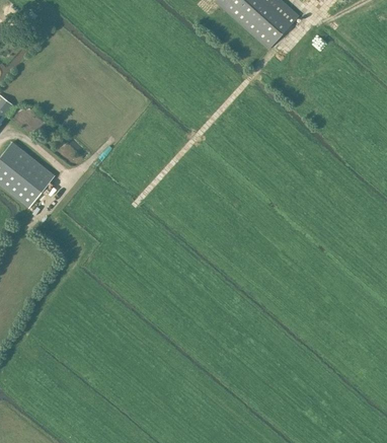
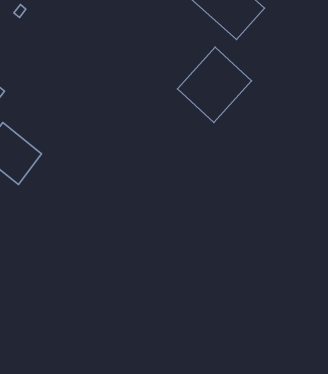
building: none -> [177,47,252,122]

